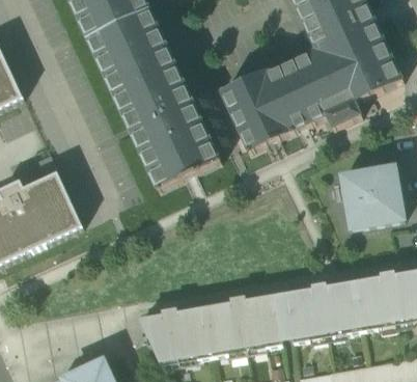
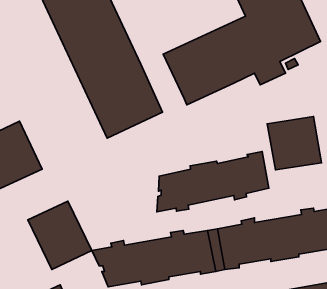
building: none -> [157,152,269,212]
building: none -> [28,201,92,269]

